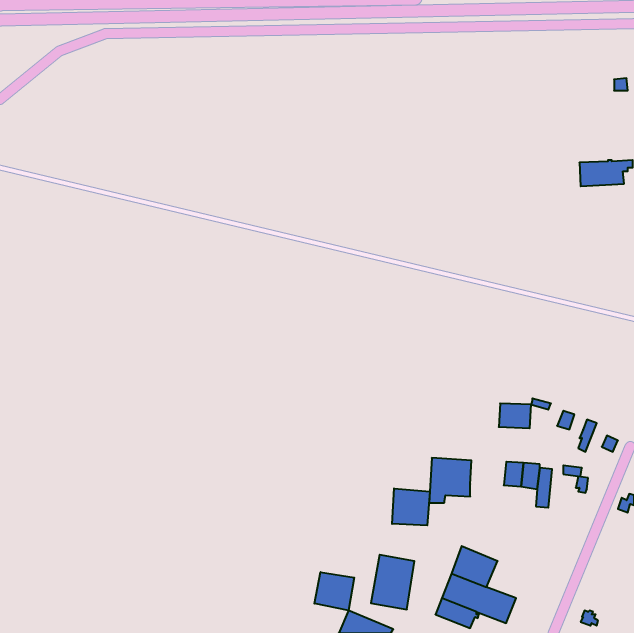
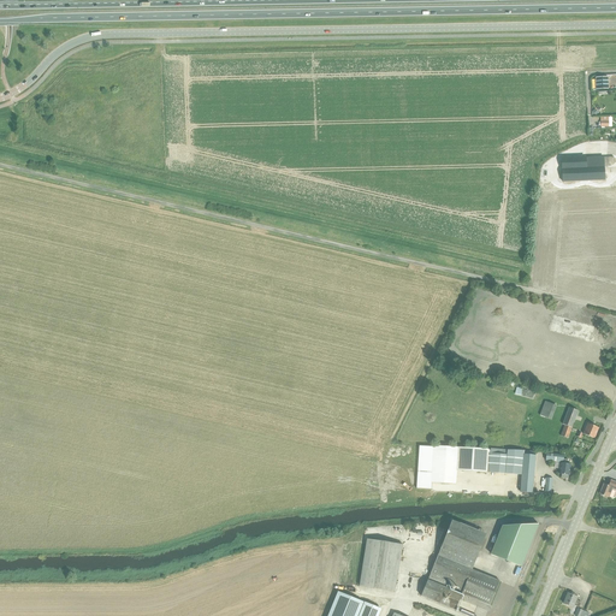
building: [499,403,531,428] -> [456,446,487,470]
building: [392,488,430,525] -> none
building: none -> [492,522,535,563]
building: [314,572,354,611] -> none

